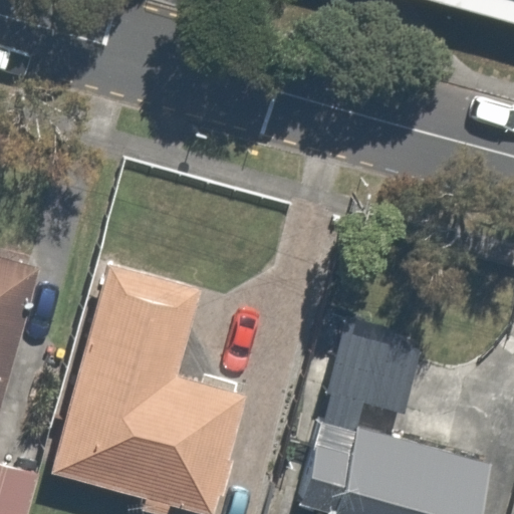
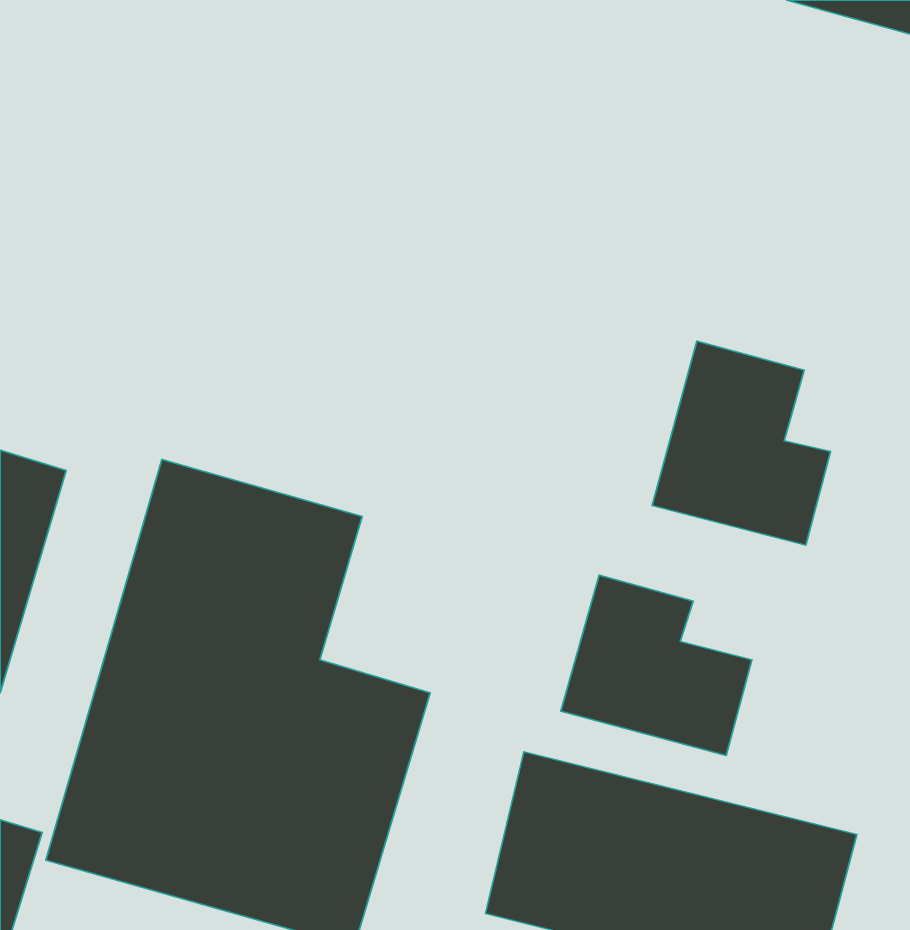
building: none -> [652,341,830,545]

